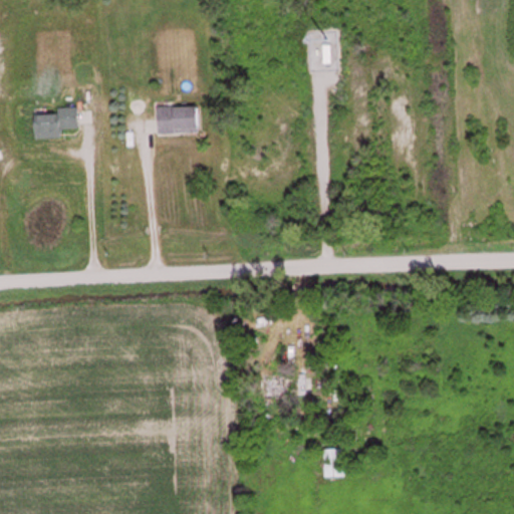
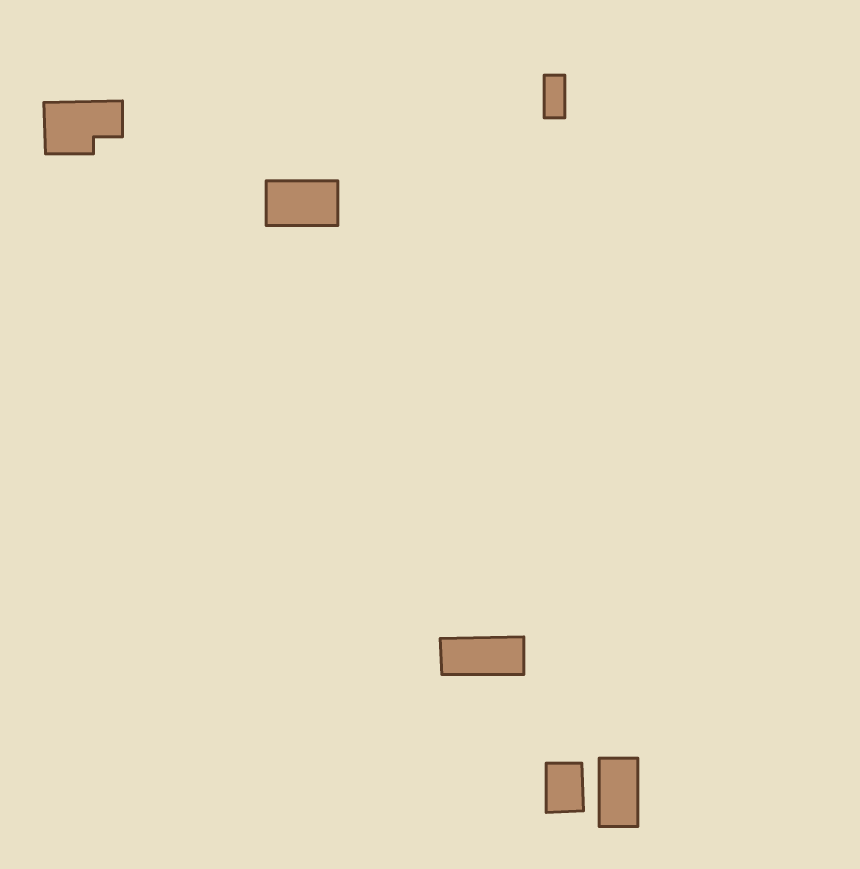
building: [31,107,77,139] -> [44,101,122,154]
building: none -> [599,758,638,826]

